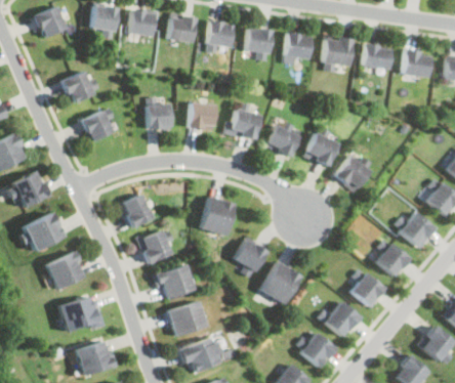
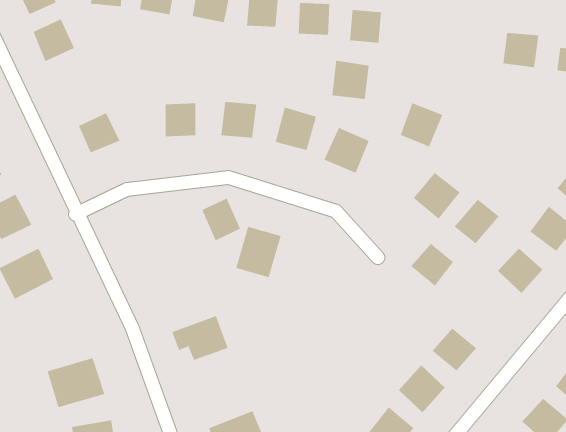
building: [324,36,353,66] -> [332,60,370,99]
building: [363,44,391,70] -> none
building: [63,71,94,103] -> [33,18,75,62]
building: [306,133,339,167] -> [400,103,443,147]
building: none -> [454,199,499,244]
building: [123,195,153,227] -> [201,198,241,241]
building: [139,230,172,264] -> none
building: [234,240,266,274] -> none
building: [375,244,408,276] -> [411,243,454,287]
building: [45,253,84,290] -> none
building: [260,262,300,303] -> none
building: [169,302,207,337] -> none

